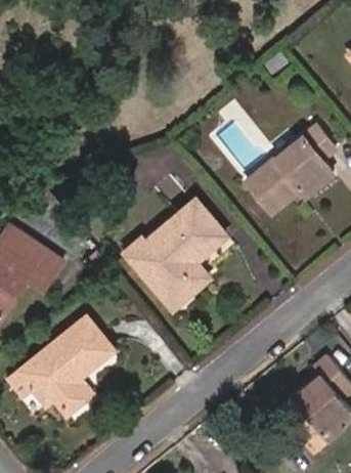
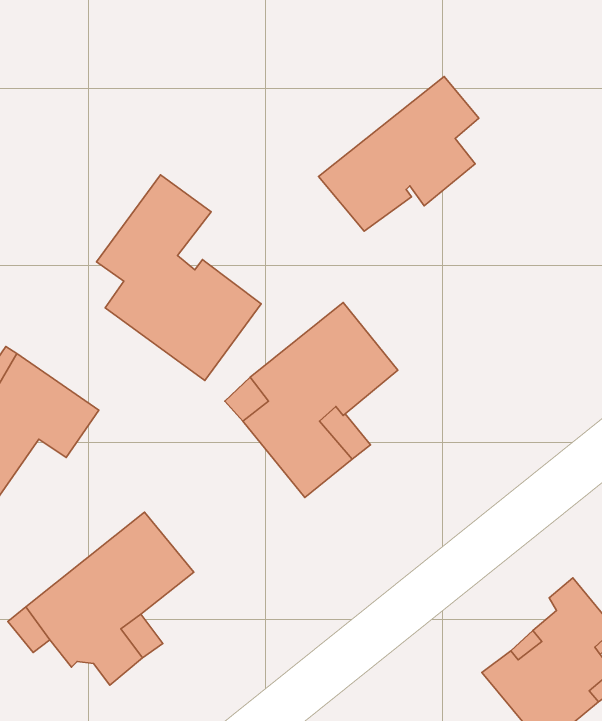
building: [244,124,334,211] -> [319,76,479,231]
building: none -> [97,175,261,380]

